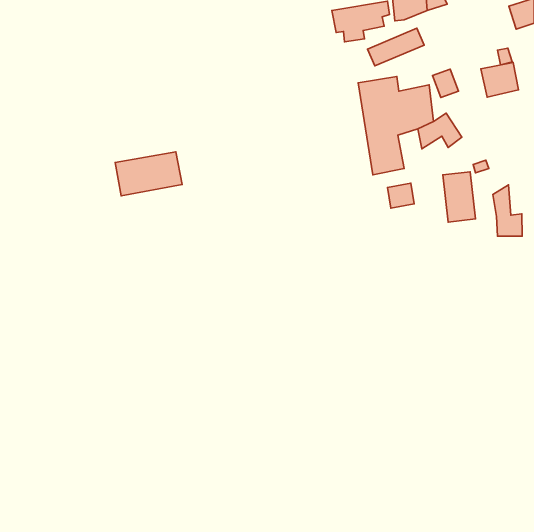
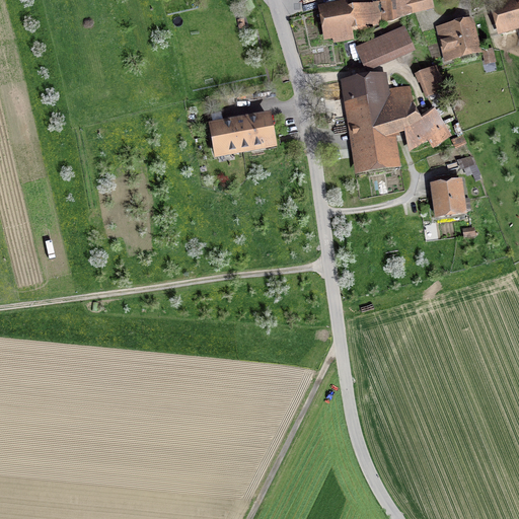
building: [481,62,518,97] -> [438,21,474,55]
building: [115,152,182,196] -> [210,113,275,155]
building: [388,183,414,208] -> none
building: [493,185,522,236] -> none

